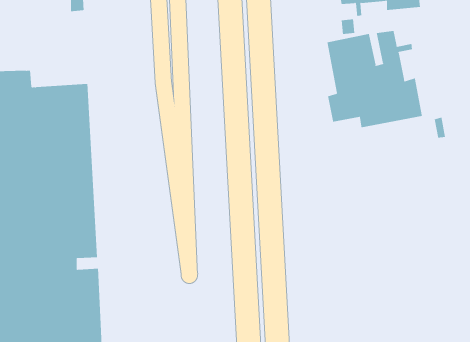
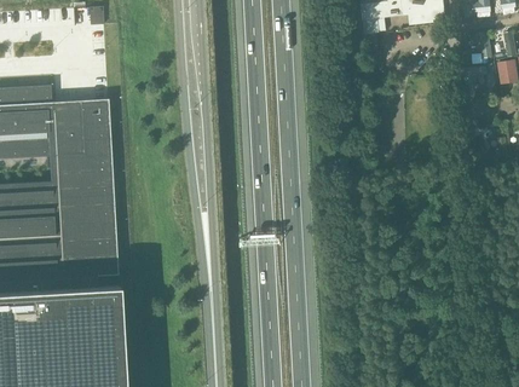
building: [327,30,423,128] -> none

